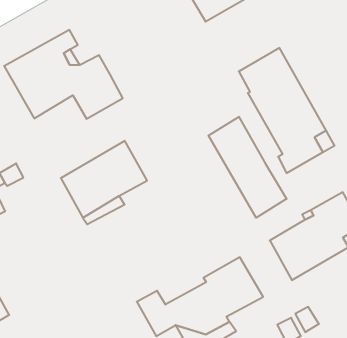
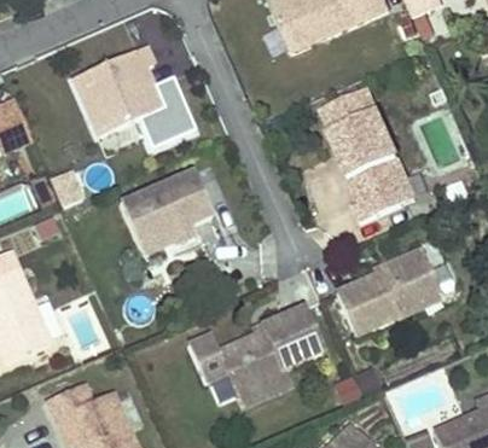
building: [208,117,287,218] -> none

